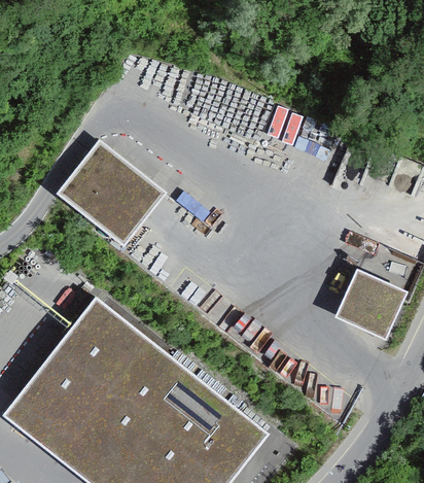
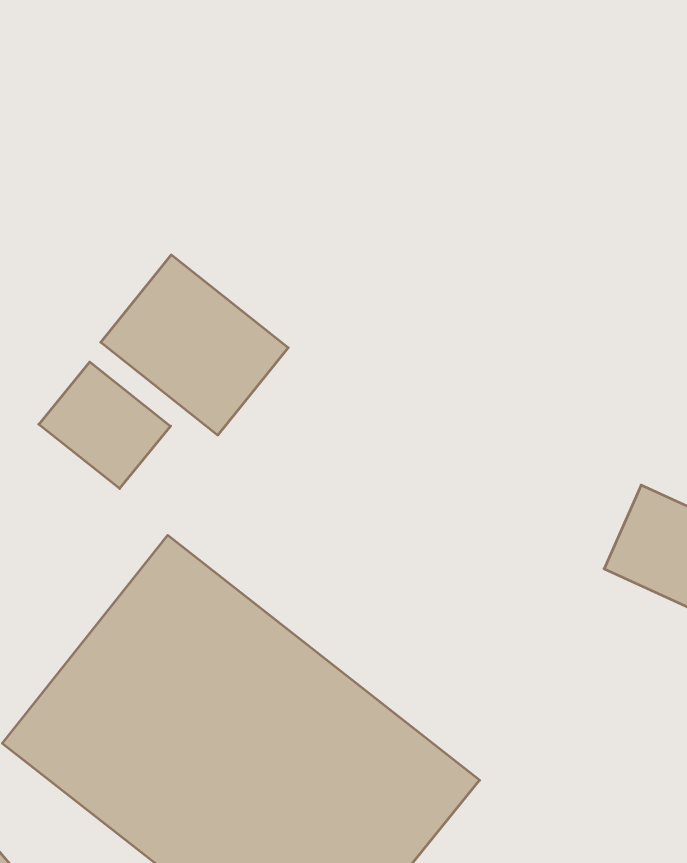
building: none -> [39,362,171,489]

